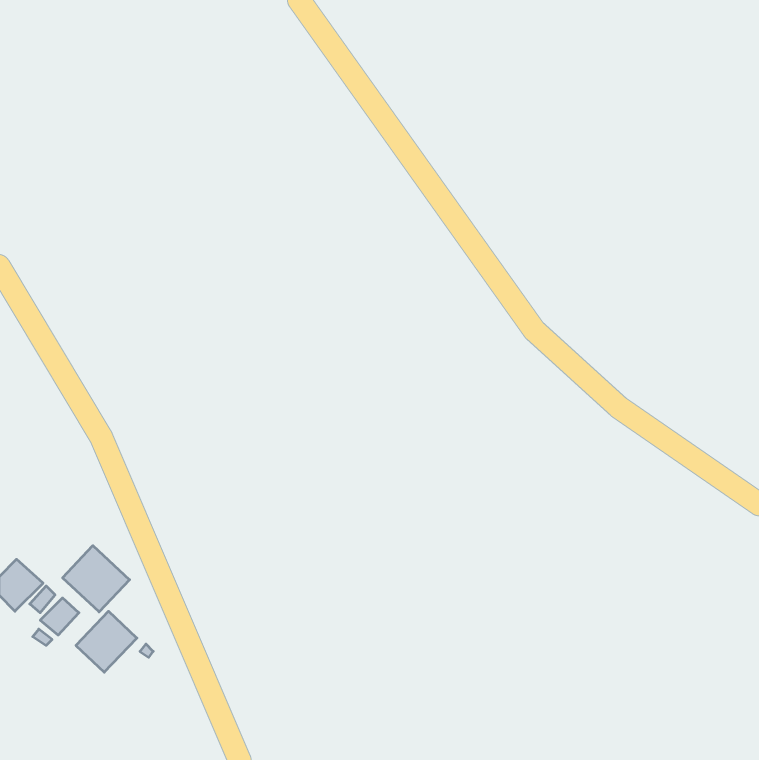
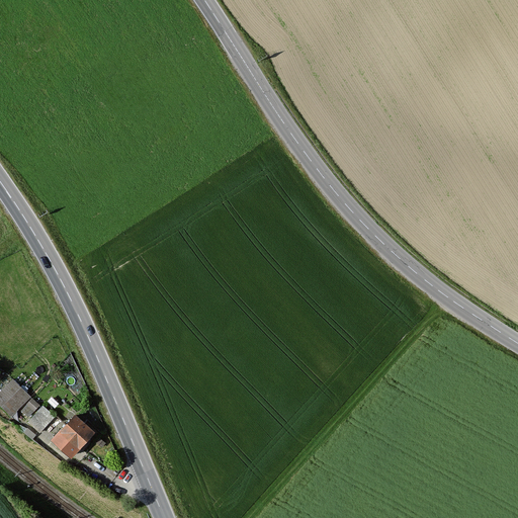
building: [63,546,130,612] -> none

